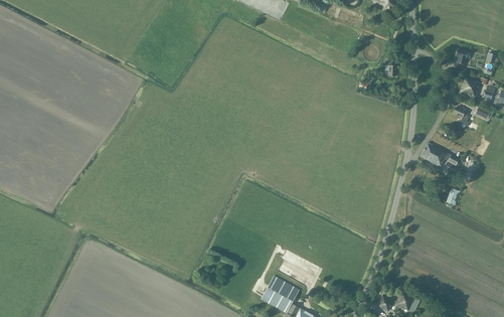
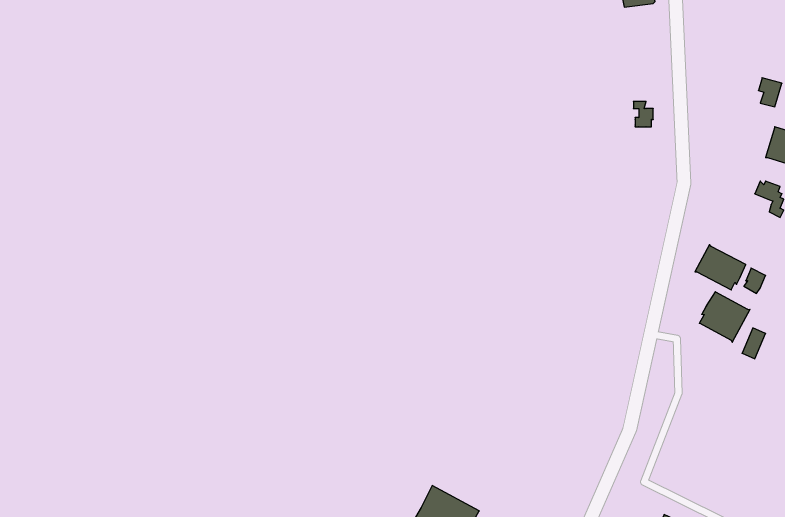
building: none -> [699,292,750,342]

